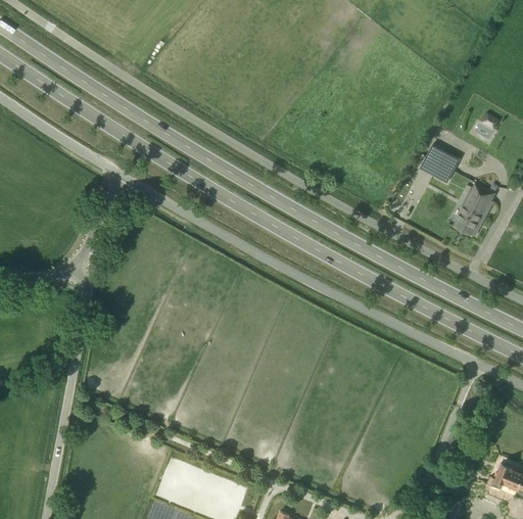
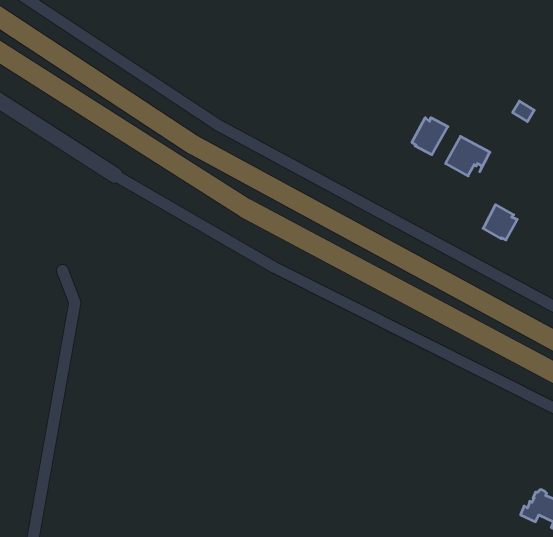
building: none -> [412,118,448,155]
building: [465,184,492,215] -> none

